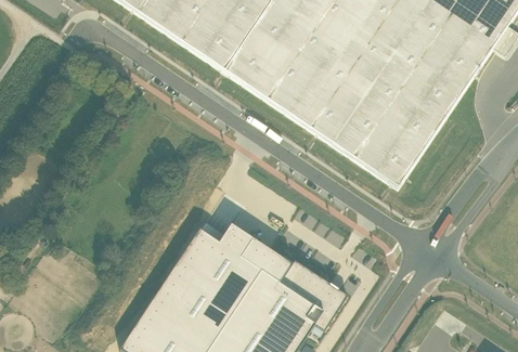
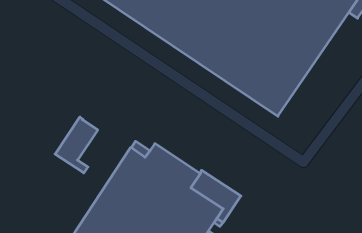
building: none -> [55,117,98,173]

